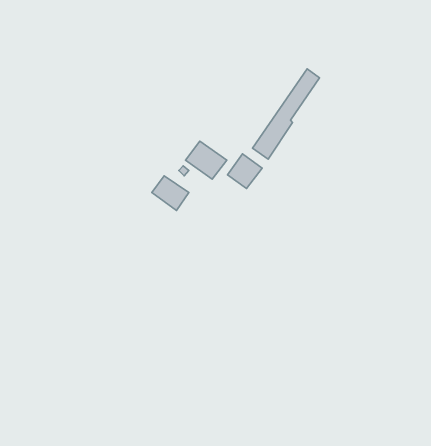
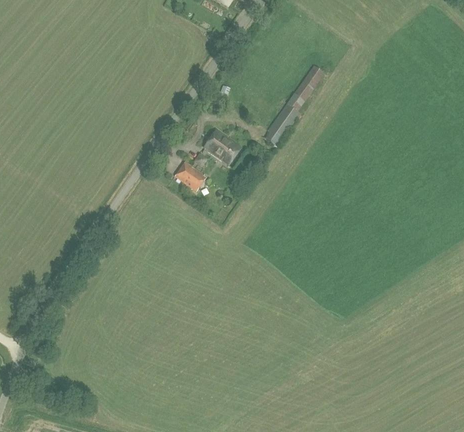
building: [227,154,262,188] -> none

